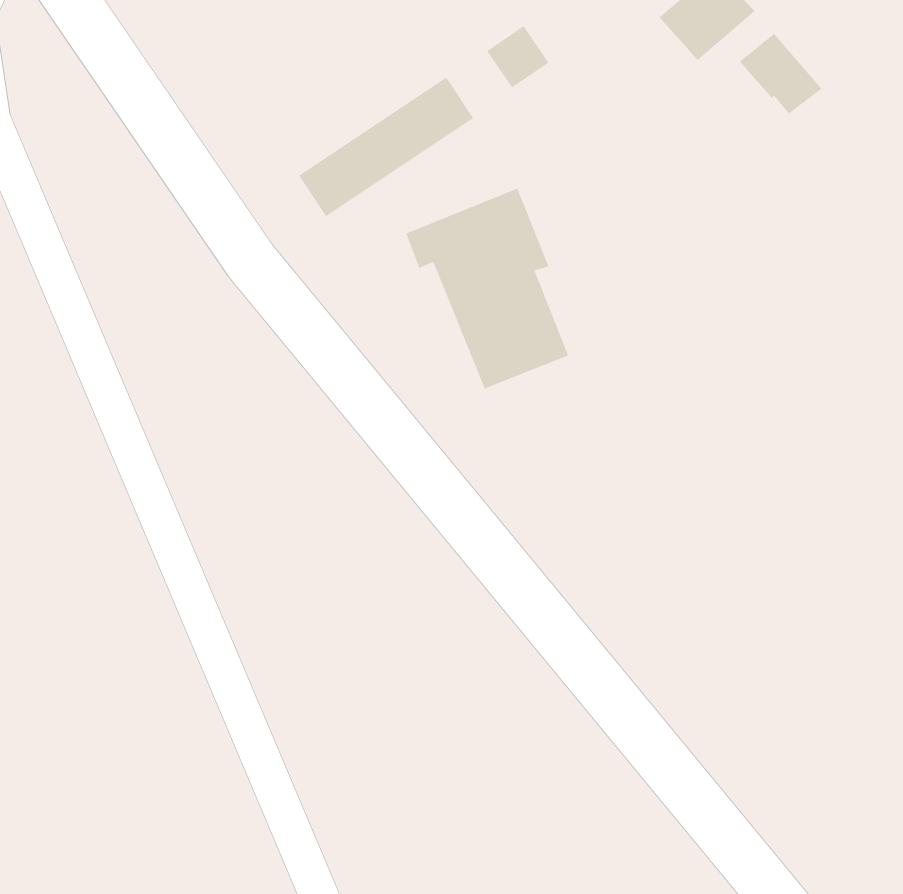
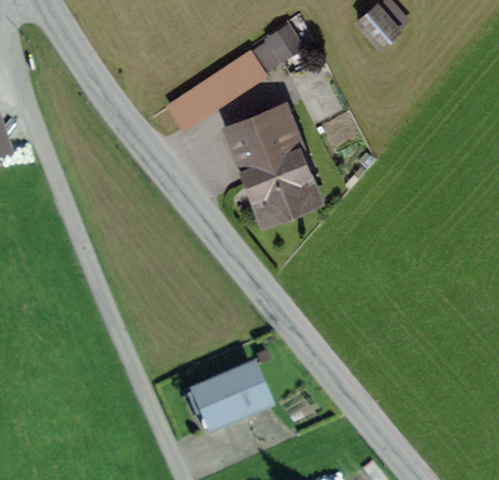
building: [739,33,823,114] -> none
building: none -> [197,364,270,427]

